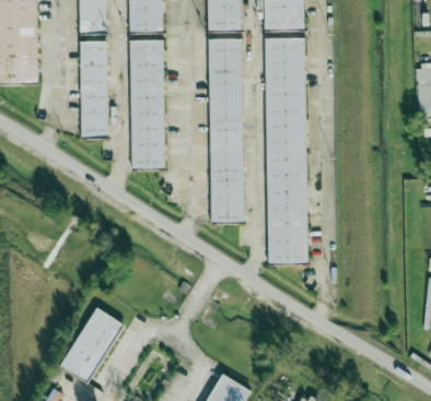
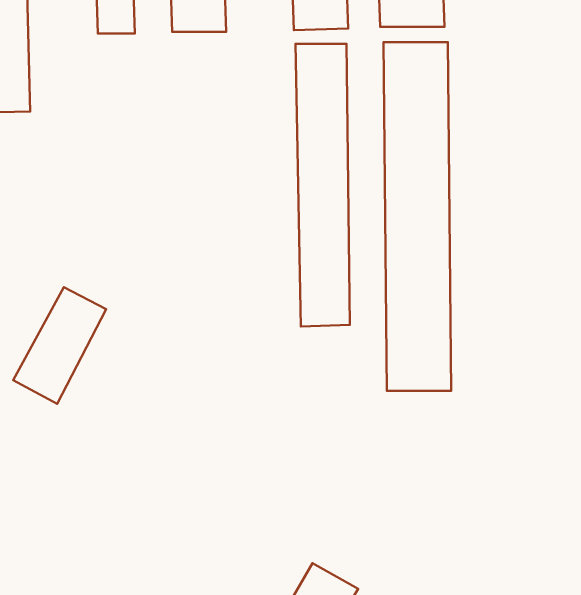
building: [80,39,108,135] -> none
building: [131,40,166,166] -> none
building: [60,307,120,382] -> [13,287,106,404]

